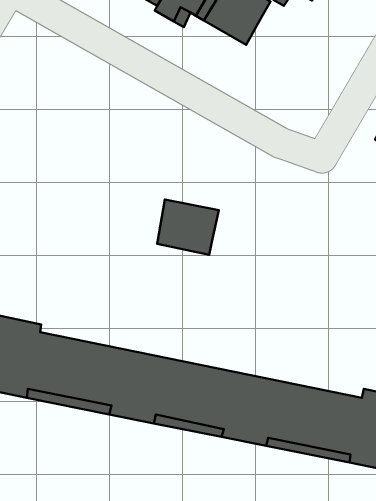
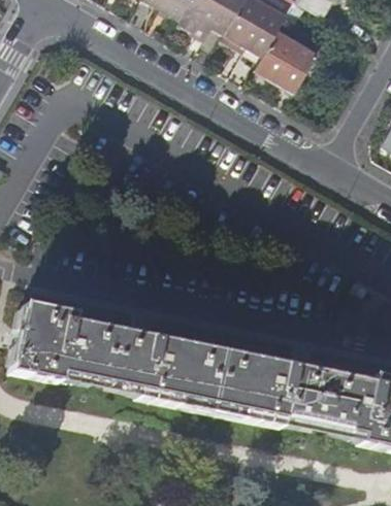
building: none -> [257,25,319,86]
building: [157,199,219,255] -> none

